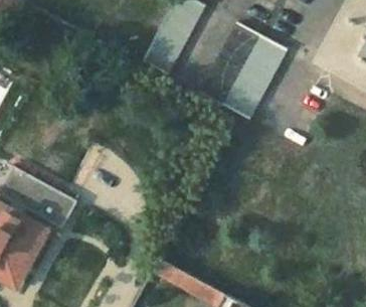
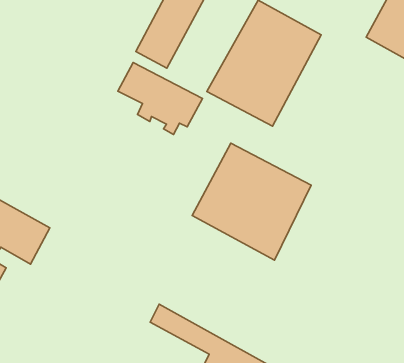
building: none -> [118,62,202,135]
building: none -> [192,143,311,260]

